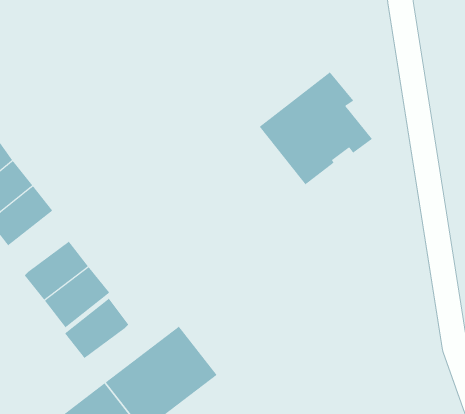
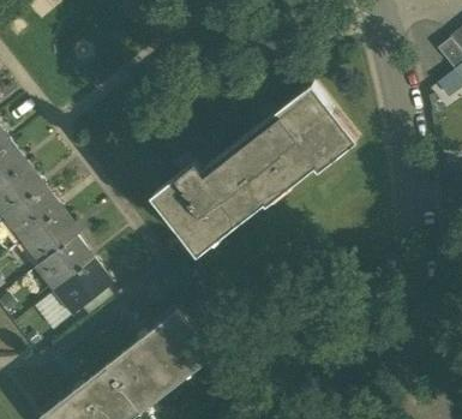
building: none -> [152,133,286,249]
building: [64,298,129,359] -> [22,209,80,264]

